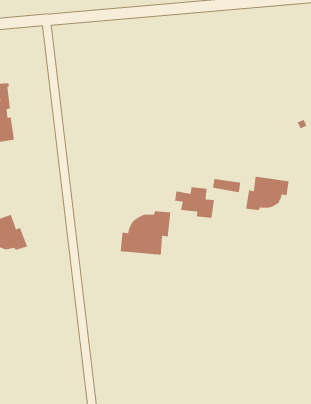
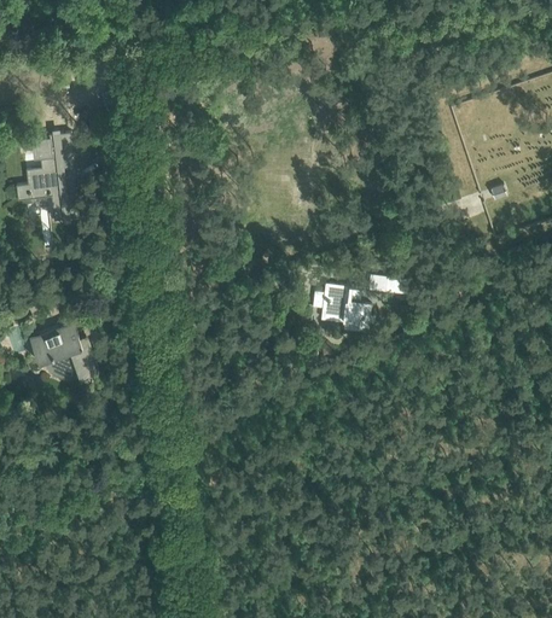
building: [245,176,290,211] -> none
building: [120,211,171,255] -> none

